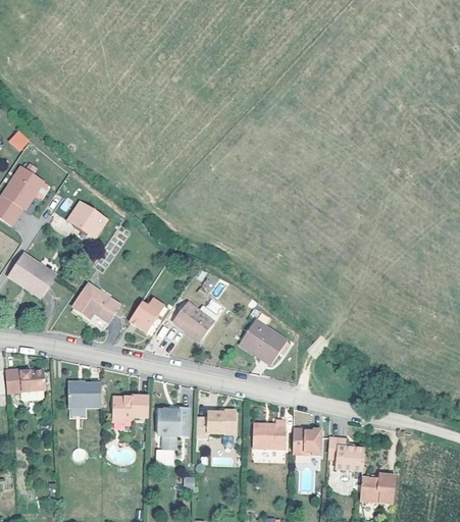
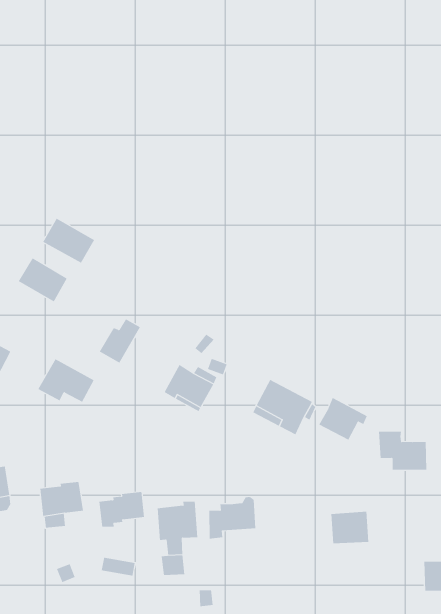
building: none -> [42,218,95,263]
building: [131,296,165,330] -> [99,318,141,363]
building: none -> [318,397,368,441]
building: [250,420,284,450] -> none
building: [325,433,363,468] -> [378,431,427,470]

